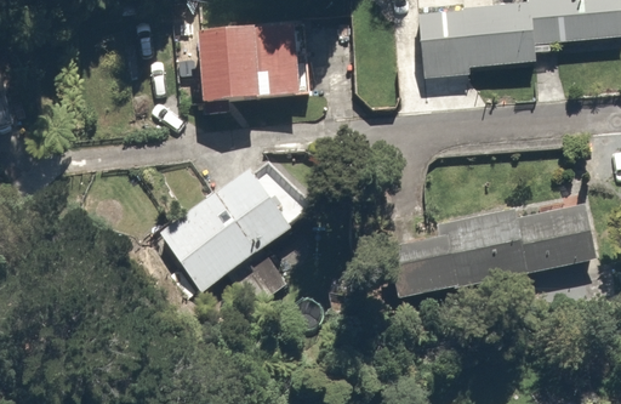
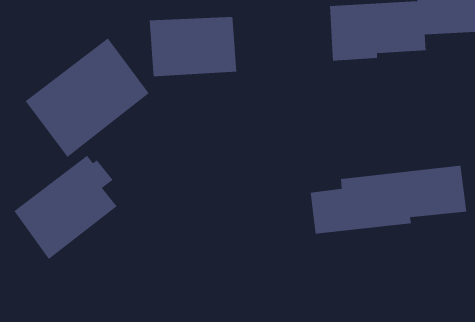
building: none -> [25,38,149,158]
building: [159,163,289,294] -> [14,155,117,260]

